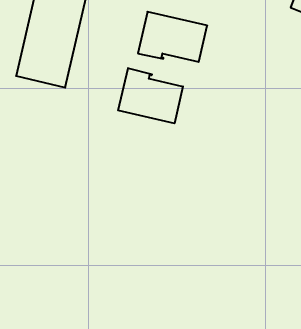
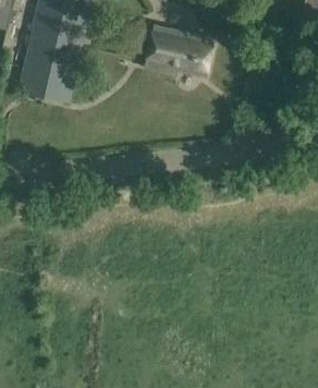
building: [118,68,183,123] -> none

